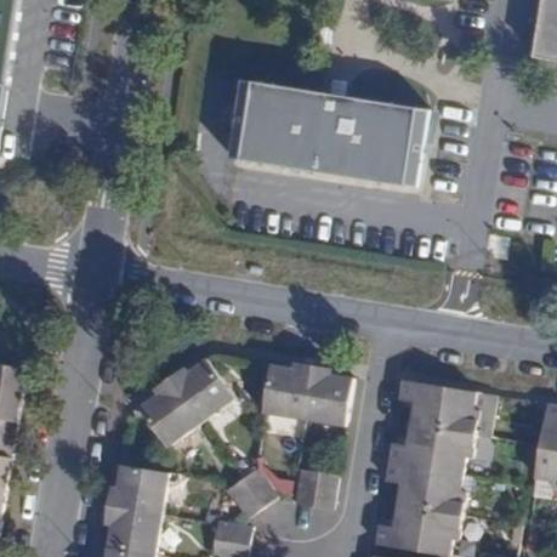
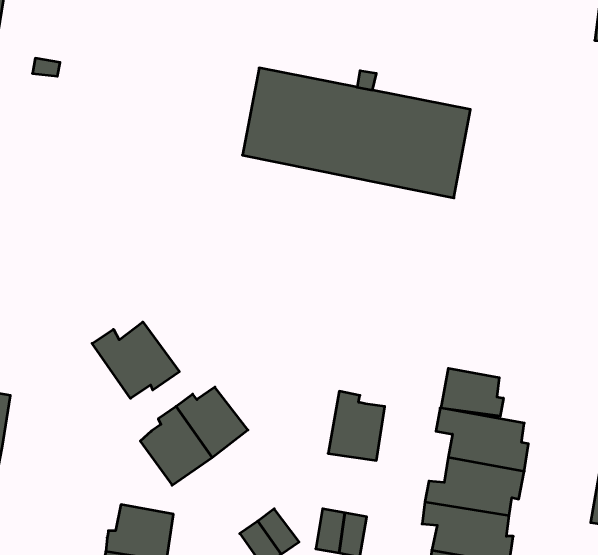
building: none -> [92,322,179,398]
building: none -> [441,368,503,416]
building: [262,362,313,419] -> none

